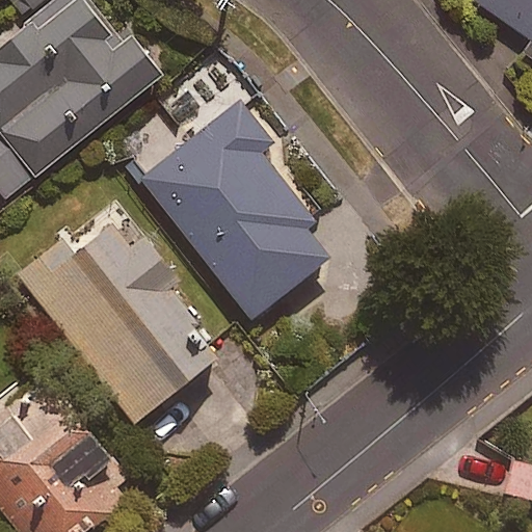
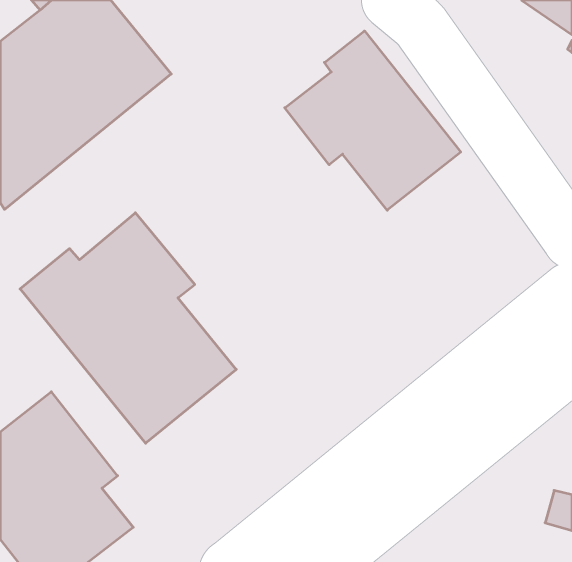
building: none -> [285,31,461,210]
building: [123,109,329,319] -> none

